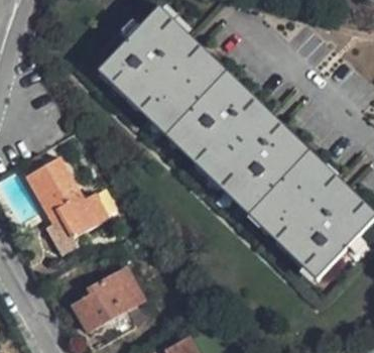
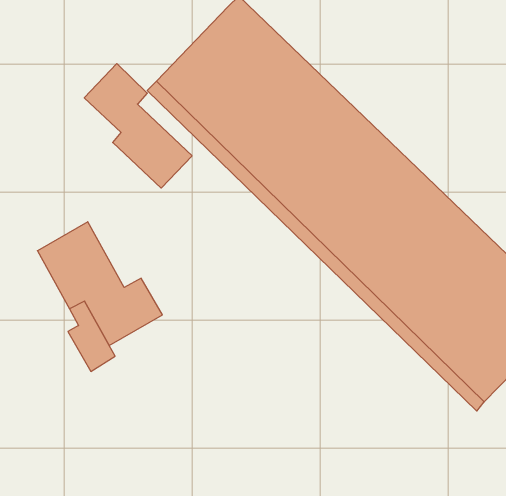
building: none -> [84,64,192,188]
building: [75,267,144,332] -> none

